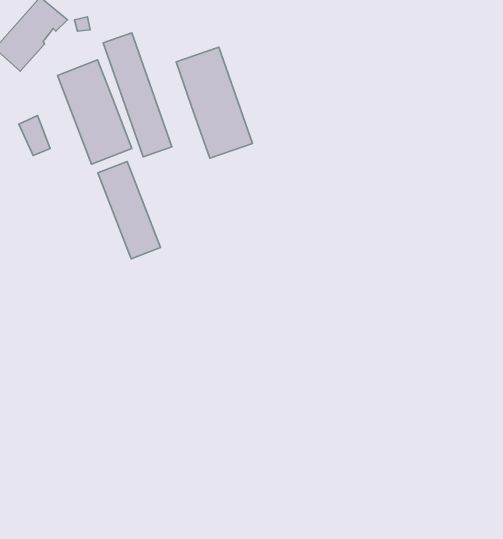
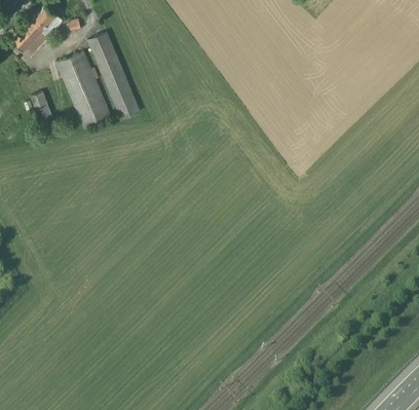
building: [176,47,253,158] -> none
building: [98,161,161,259] -> none

